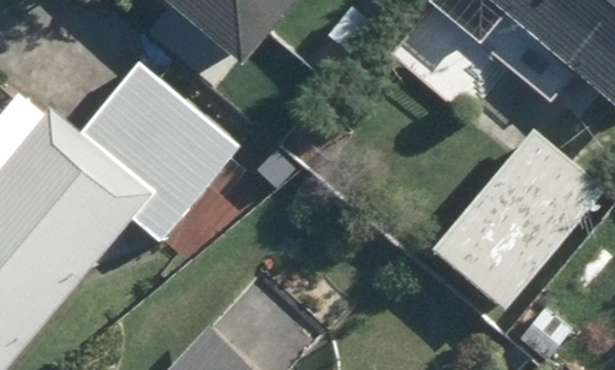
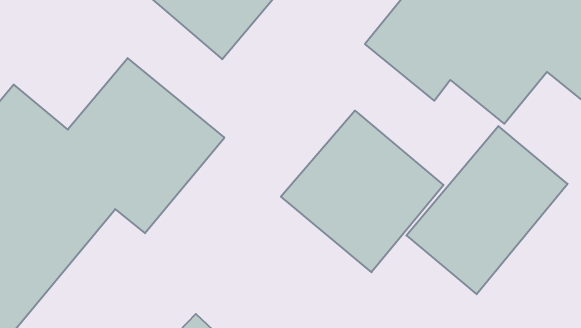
building: none -> [281,111,444,272]

